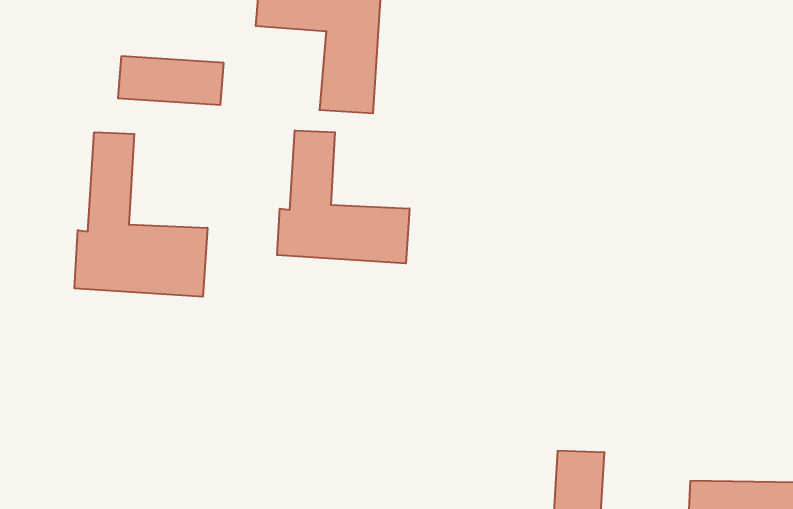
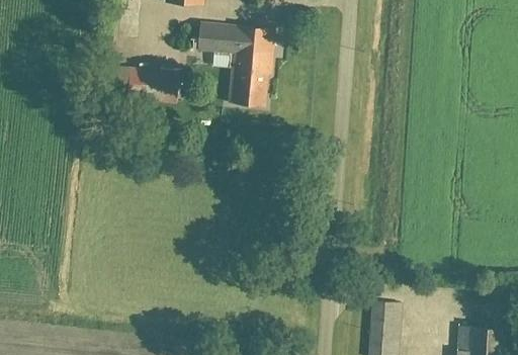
building: [277,130,409,264] -> none
building: [74,132,207,297] -> none

